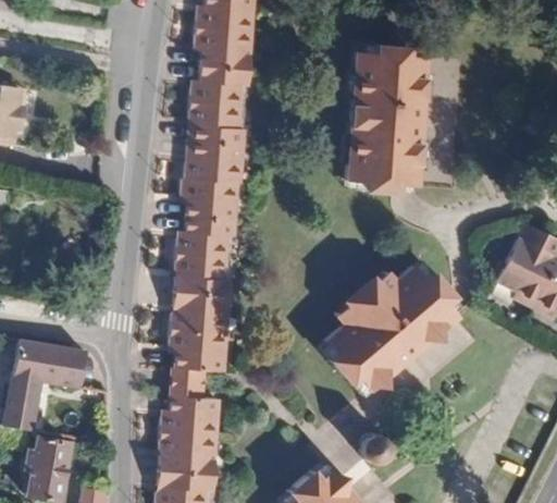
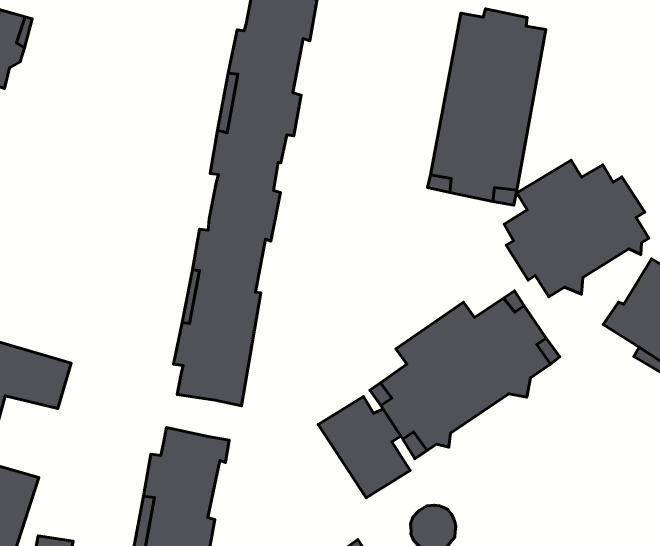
building: none -> [504,160,649,297]
building: none -> [318,397,410,498]
building: [169,366,203,396] -> none

